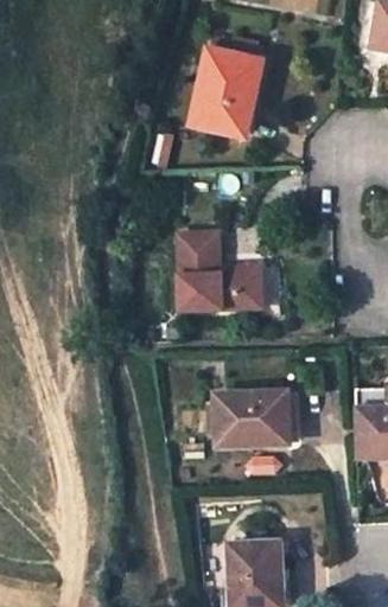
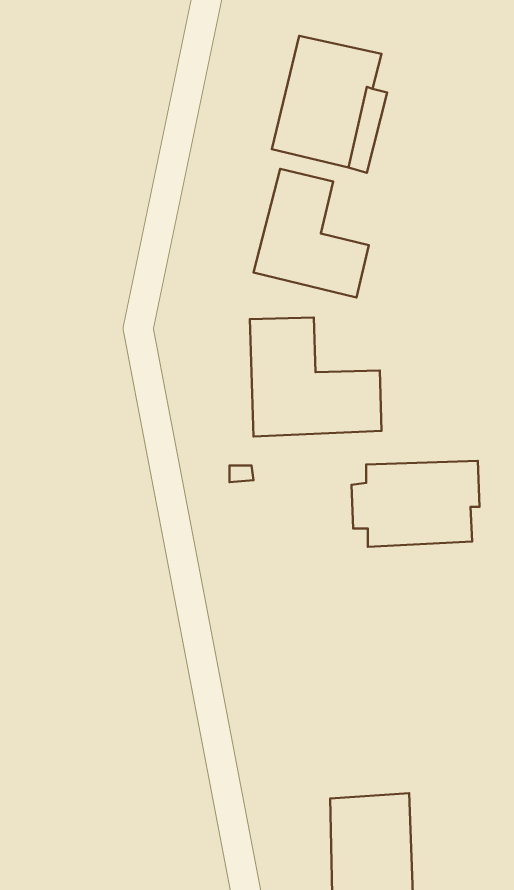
building: none -> [254,169,369,297]
building: [206,390,290,446] -> [351,461,480,547]

